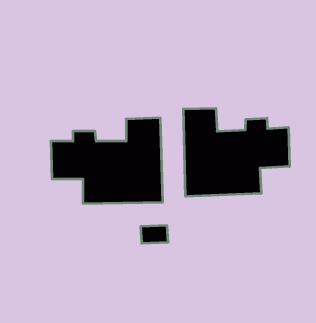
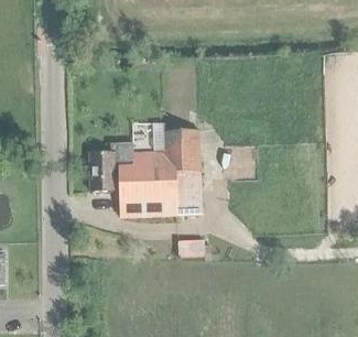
building: [183,108,289,196] -> none

